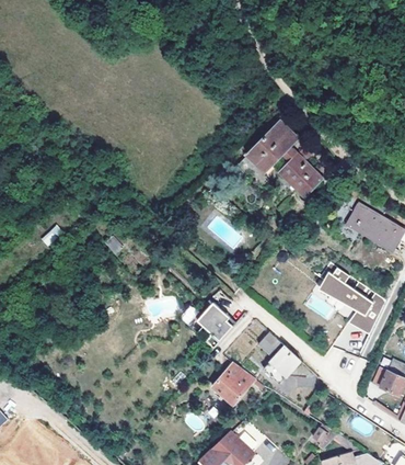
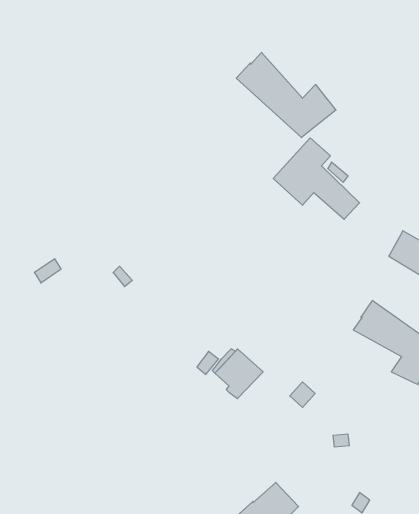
building: none -> [236,52,336,138]
building: [262,345,300,385] -> none
building: [215,364,255,406] -> none

